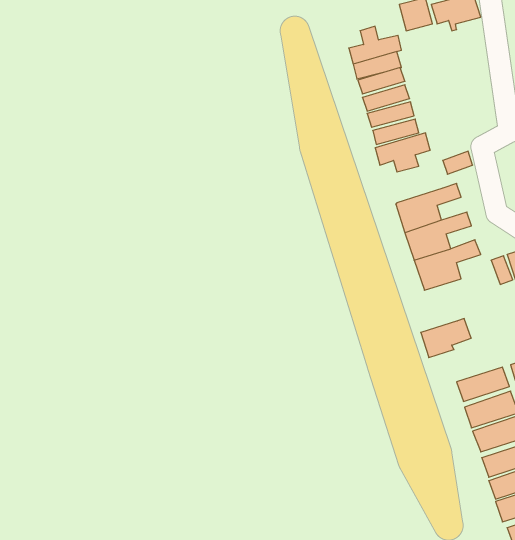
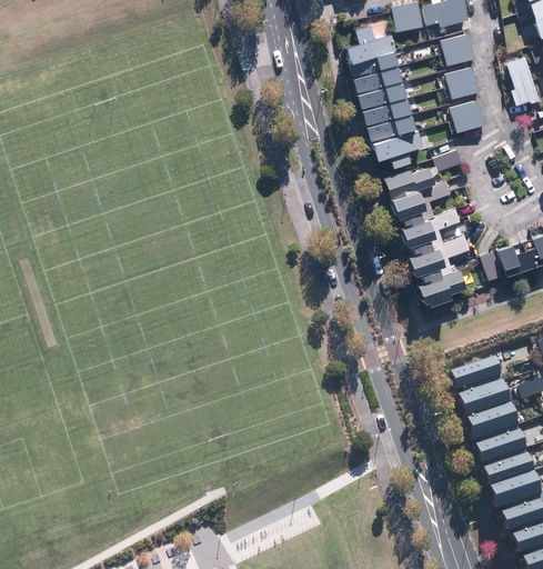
building: none -> [443,31,475,63]
building: none -> [448,64,480,97]
building: none -> [453,97,485,129]
building: none -> [383,164,435,198]
building: [421,319,471,358] -> [418,269,466,307]

